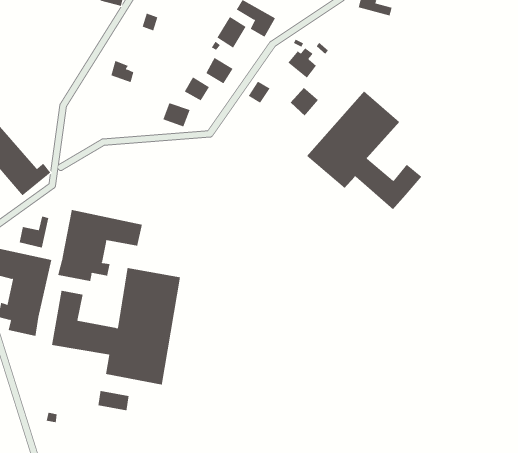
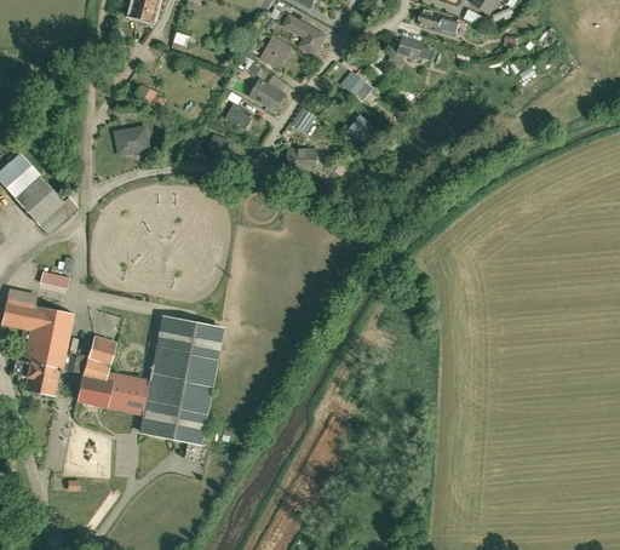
building: none -> [389,35,424,64]
building: [306,91,422,210] -> none
building: none -> [119,127,151,155]
building: none -> [285,148,316,170]
building: [57,209,142,282] -> none
building: [98,390,129,411] -> none

